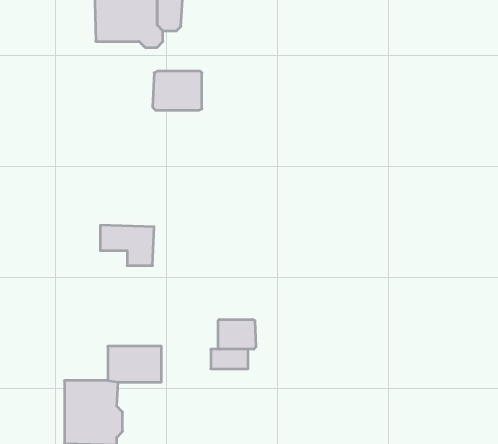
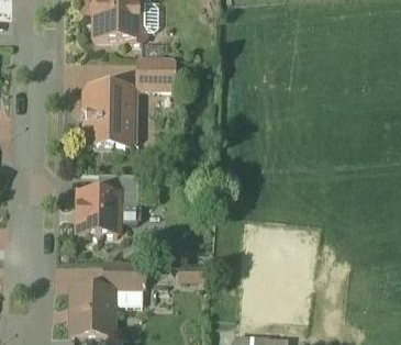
building: none -> [80,84,133,146]
building: none -> [77,189,118,237]
building: [218,319,256,349] -> none

